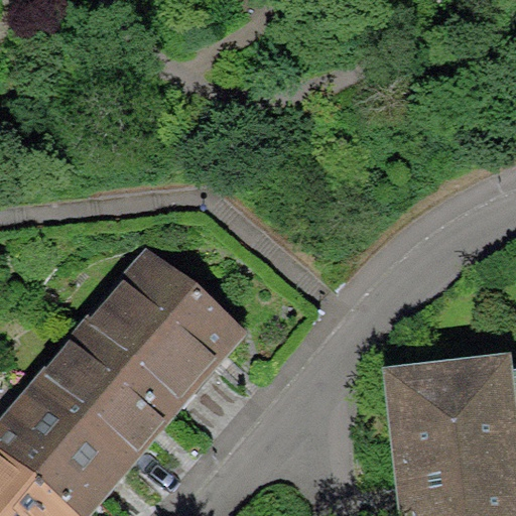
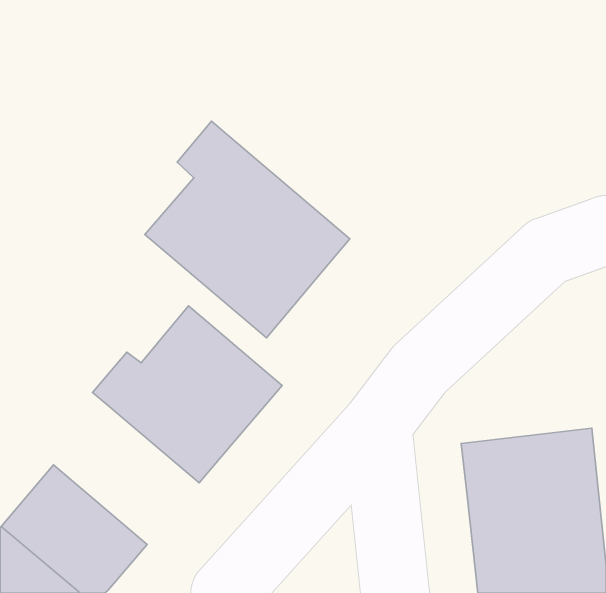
building: none -> [145,121,350,338]
building: [45,344,169,463] -> none

